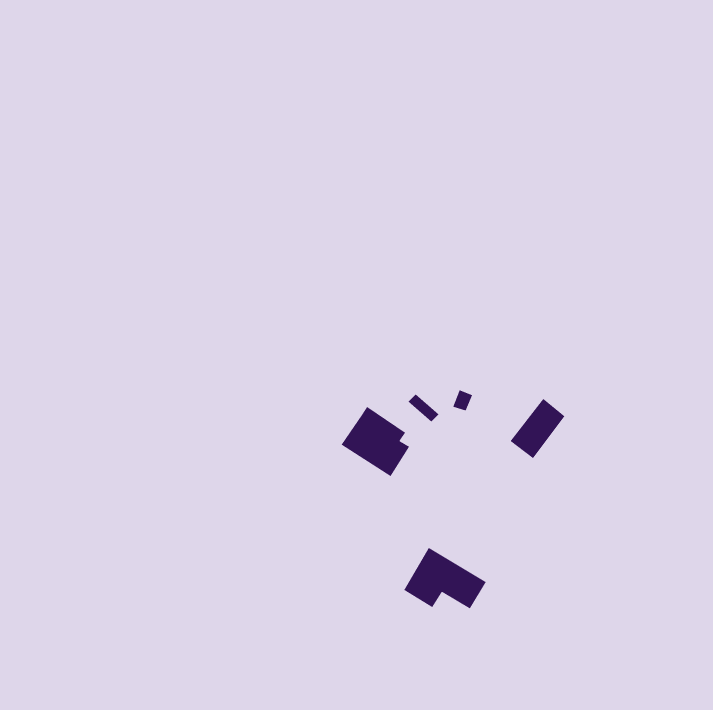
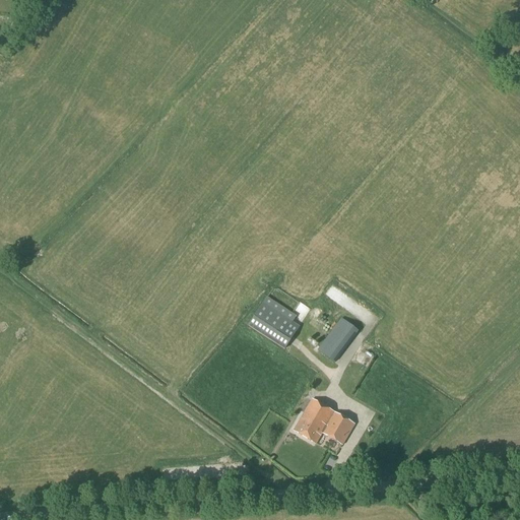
building: [510,398,565,459] -> [317,317,358,362]

